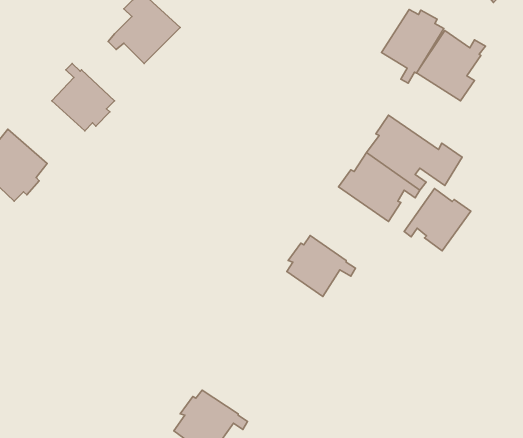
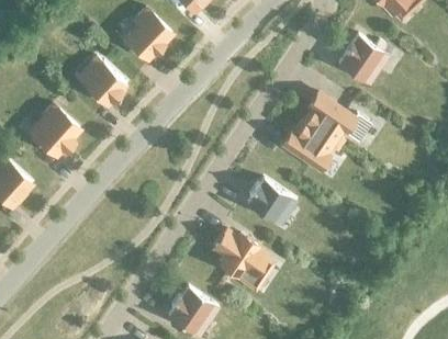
building: [382,9,444,83] -> none
building: [404,188,471,251] -> none
building: none -> [214,231,271,276]

